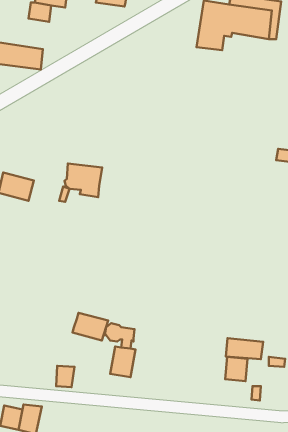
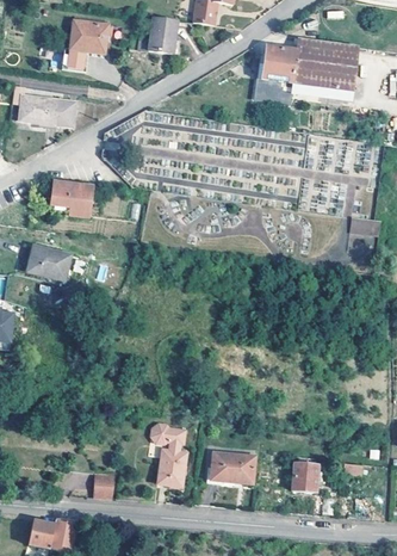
building: [65,164,102,197] -> [50,180,94,220]
building: [73,313,108,340] -> none
building: [226,338,263,359] -> none
building: none -> [211,451,253,482]

